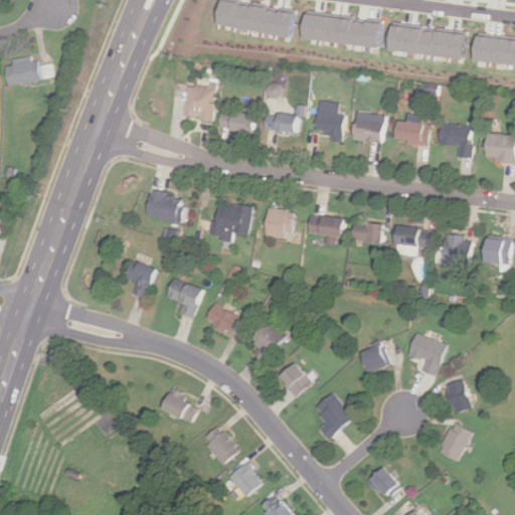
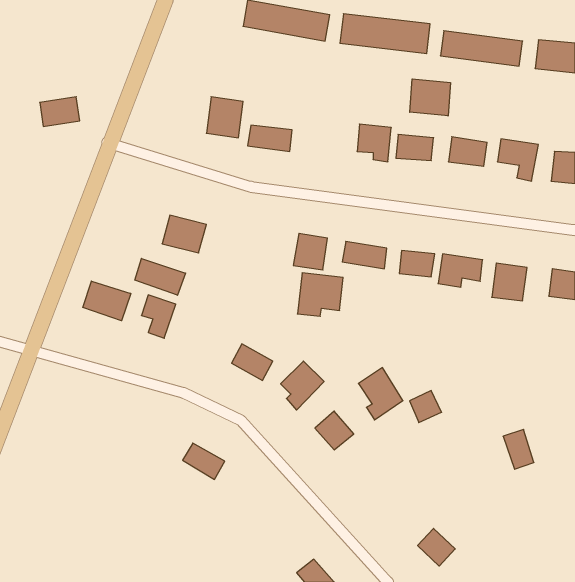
building: [4,60,39,87] -> [40,97,80,126]
building: none -> [410,79,450,116]
building: [264,114,301,134] -> none
building: [210,202,250,240] -> [297,273,343,316]
building: none -> [135,258,186,295]
building: none -> [83,281,131,321]
building: [165,279,203,318] -> none
building: [406,333,447,376] -> none
building: [313,392,352,439] -> [358,368,403,420]
building: [436,421,472,462] -> none
building: [202,425,238,464] -> none
building: [228,462,264,497] -> none

